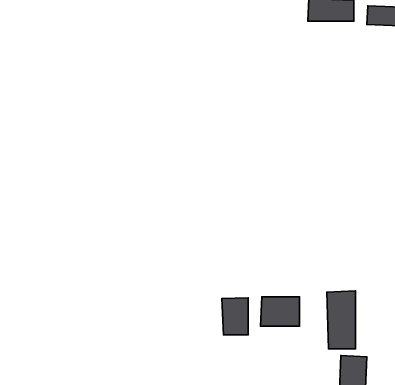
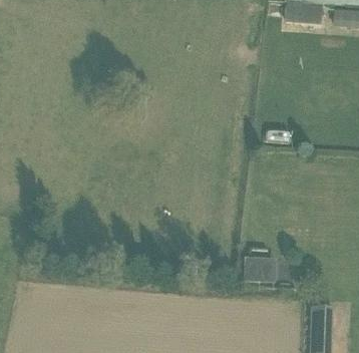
building: [327,291,356,349] -> none
building: [222,298,248,335] -> none

